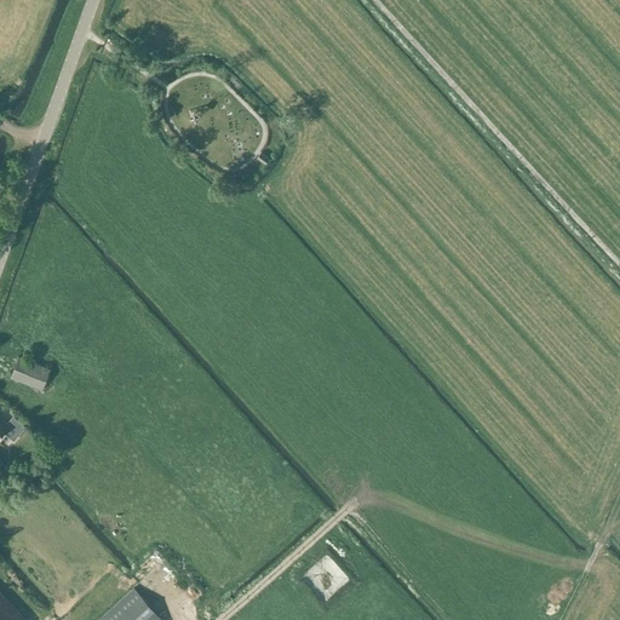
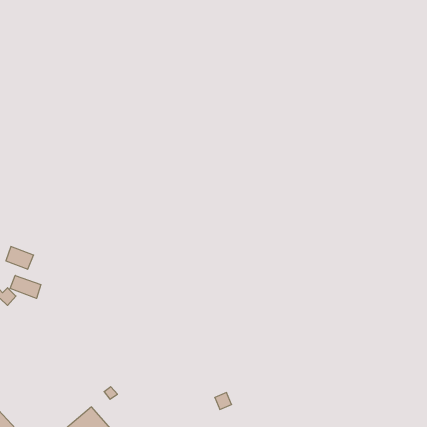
building: none -> [10,275,41,298]

